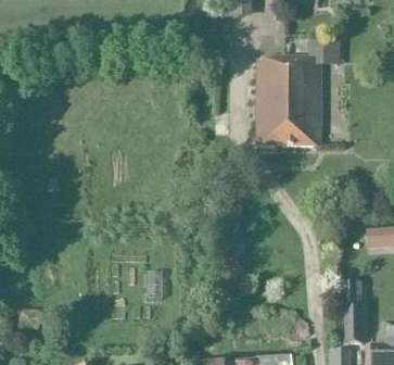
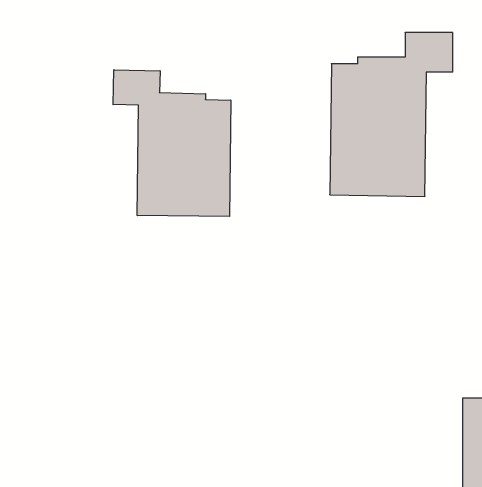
building: none -> [113,70,231,216]

